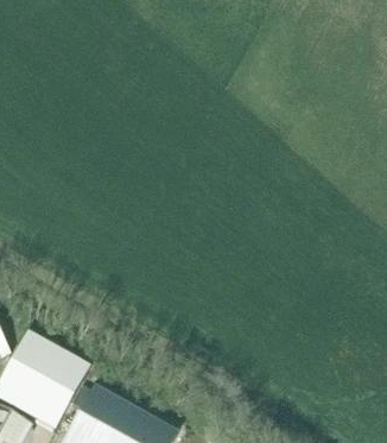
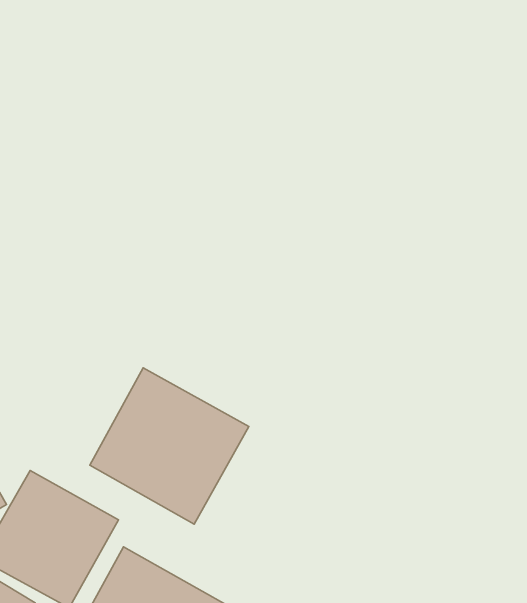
building: none -> [90,368,249,524]

